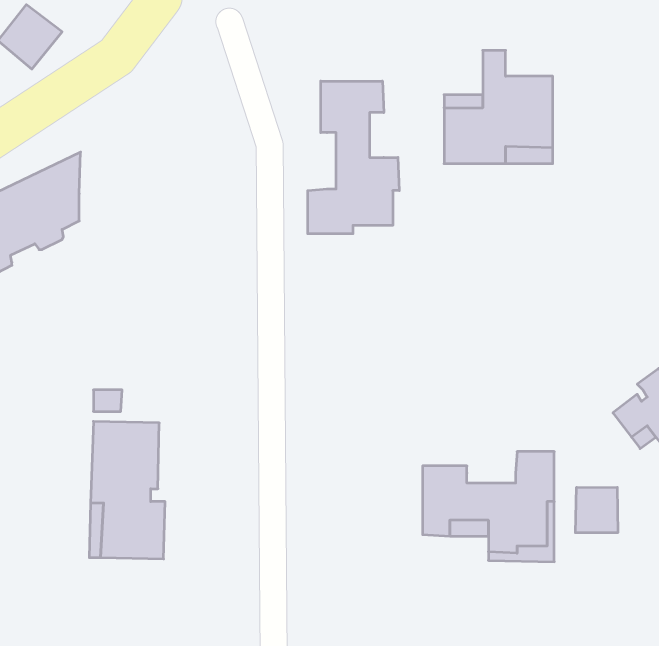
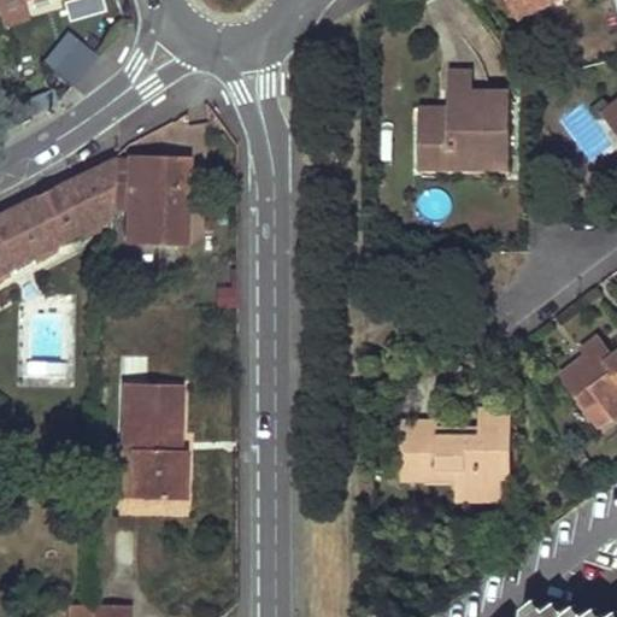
building: [308,81,399,234] -> none
building: none -> [112,157,188,247]
building: [575,487,618,533] -> none

